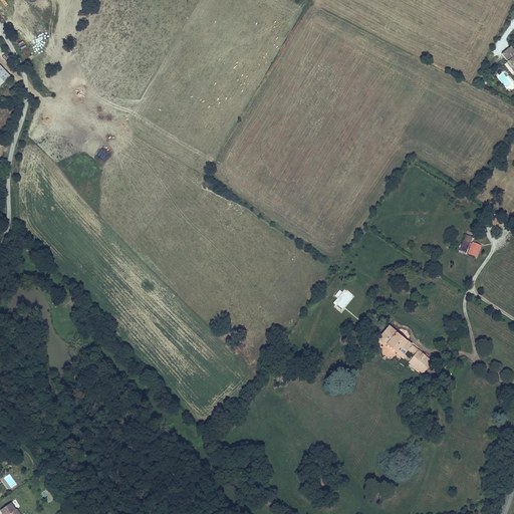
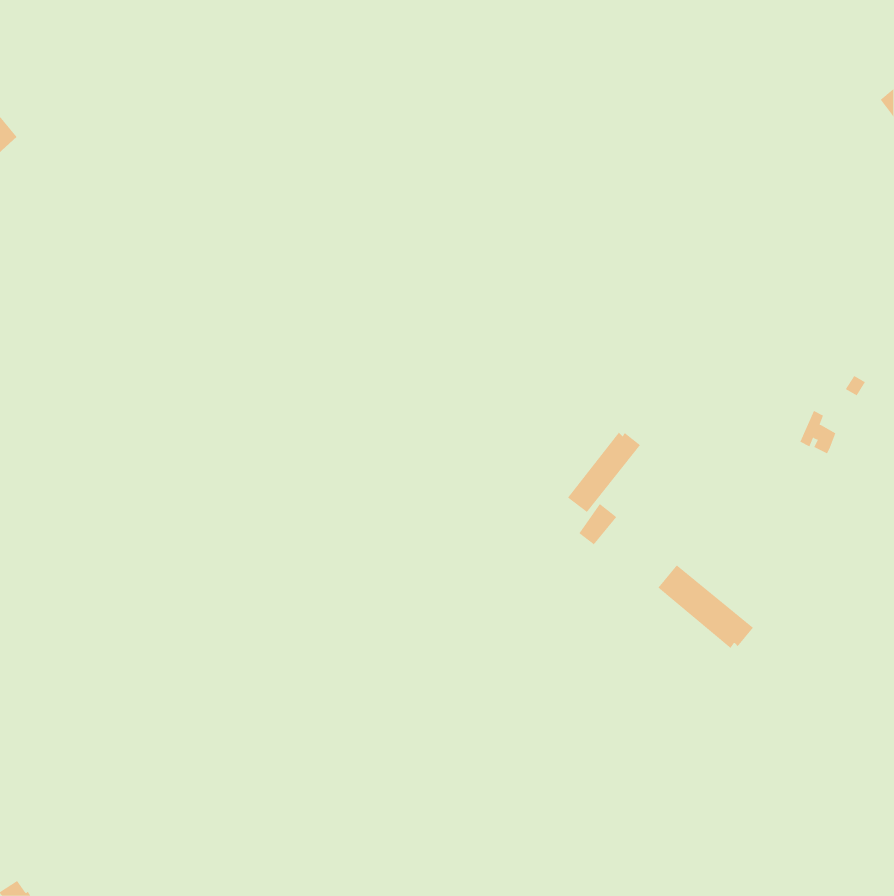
building: none -> [567,432,641,513]

